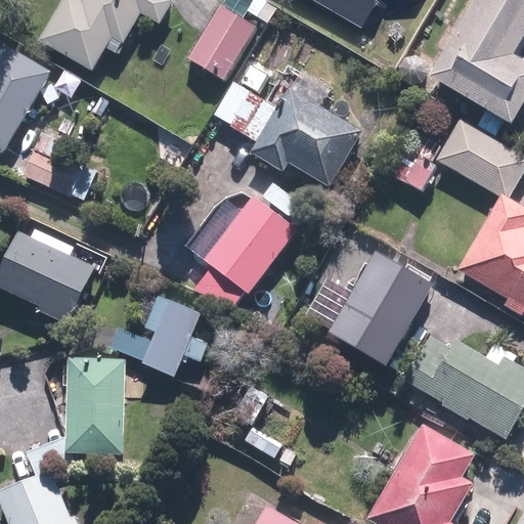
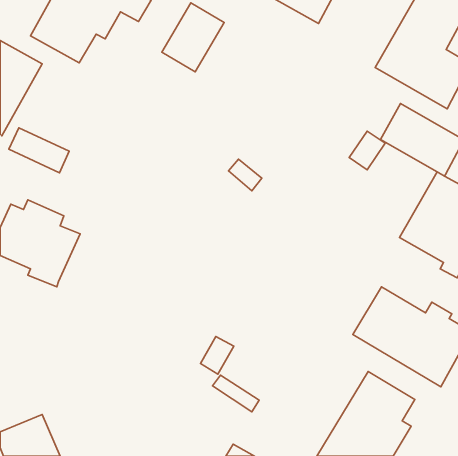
building: [213,71,360,186] -> none
building: [193,198,297,312] -> none
building: [326,256,426,367] -> none
building: [108,295,209,378] -> none
building: [66,356,125,453] -> none

